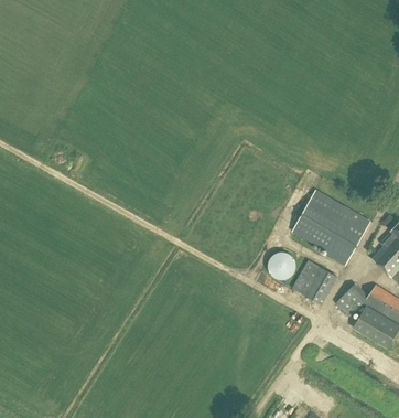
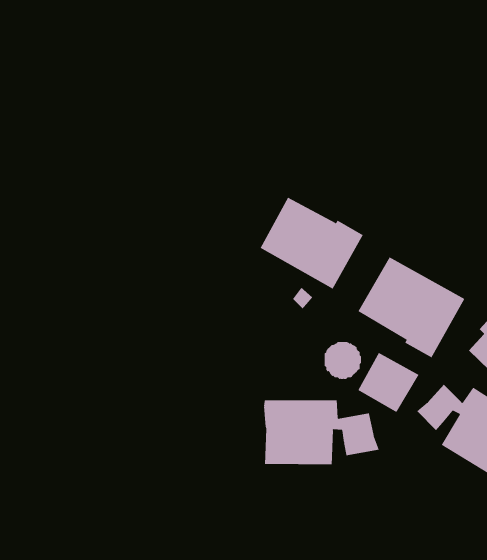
building: none -> [260,197,364,290]
building: none -> [264,399,379,465]

